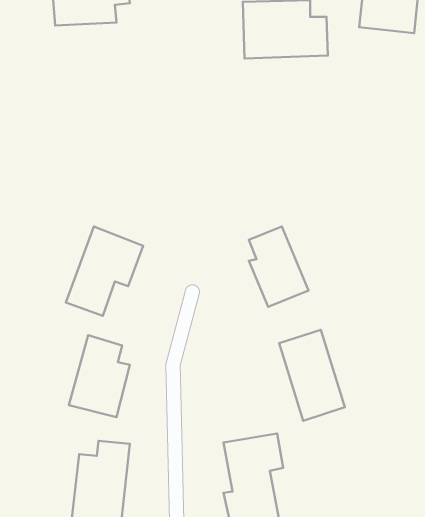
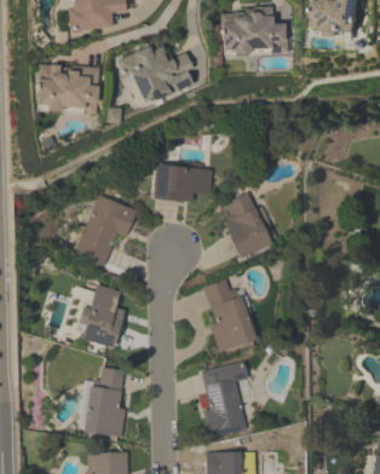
building: none -> [117,42,200,109]
building: none -> [35,65,99,114]
building: none -> [152,163,213,202]
building: [279,330,345,421] -> [201,277,254,351]

